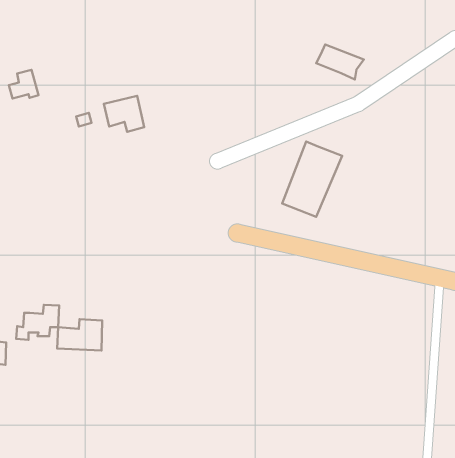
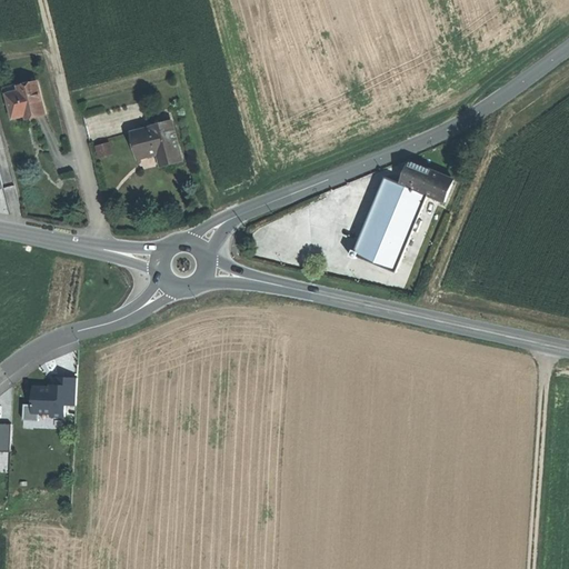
building: [316,44,364,79] -> [393,158,452,201]
building: [57,319,102,351] -> none

